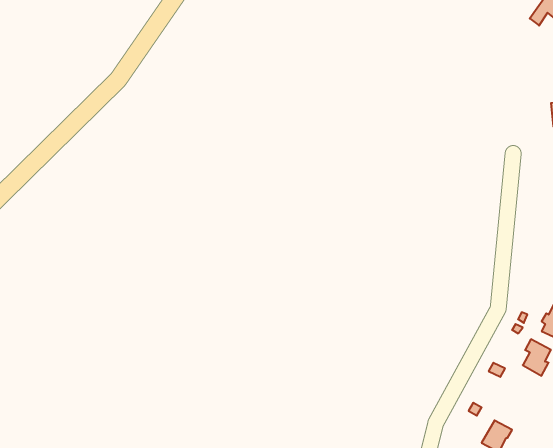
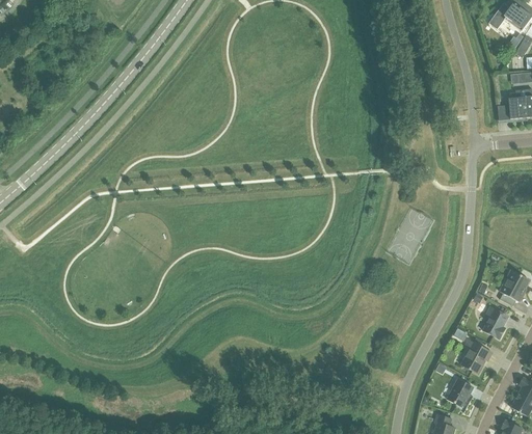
building: none -> [461,338,493,373]

